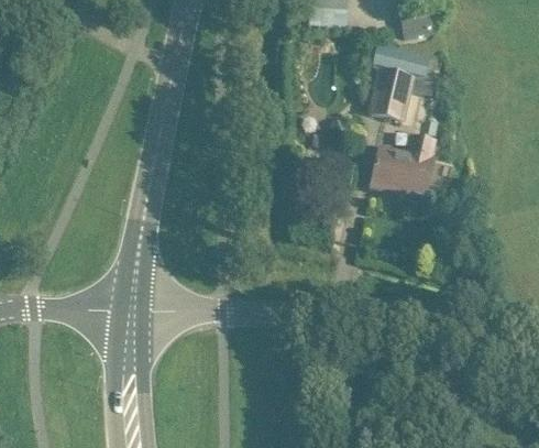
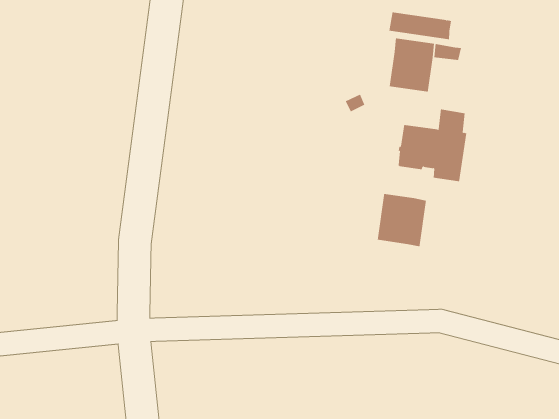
building: none -> [377,193,426,247]

